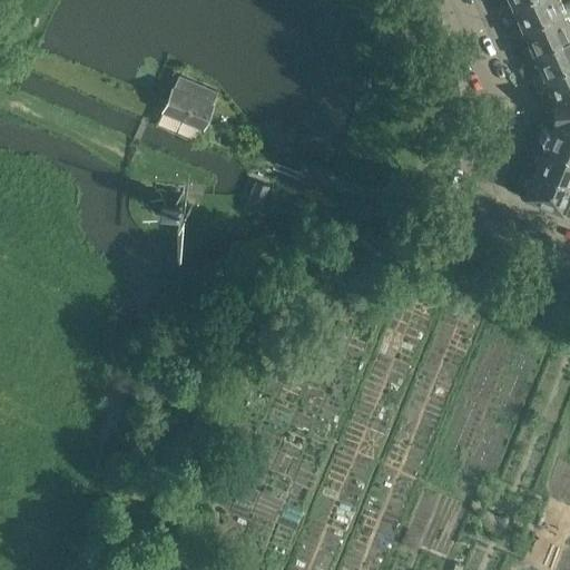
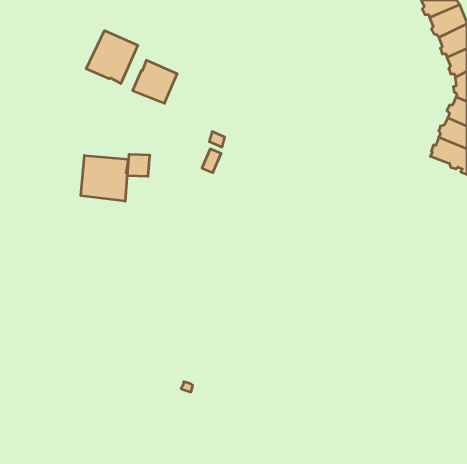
building: none -> [86,31,138,84]
building: none -> [81,155,128,201]

